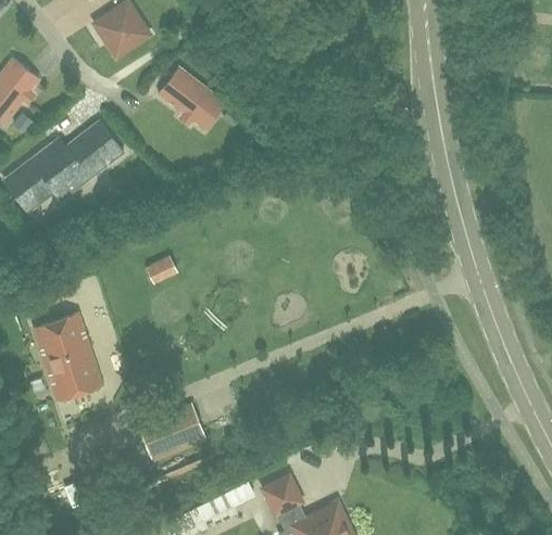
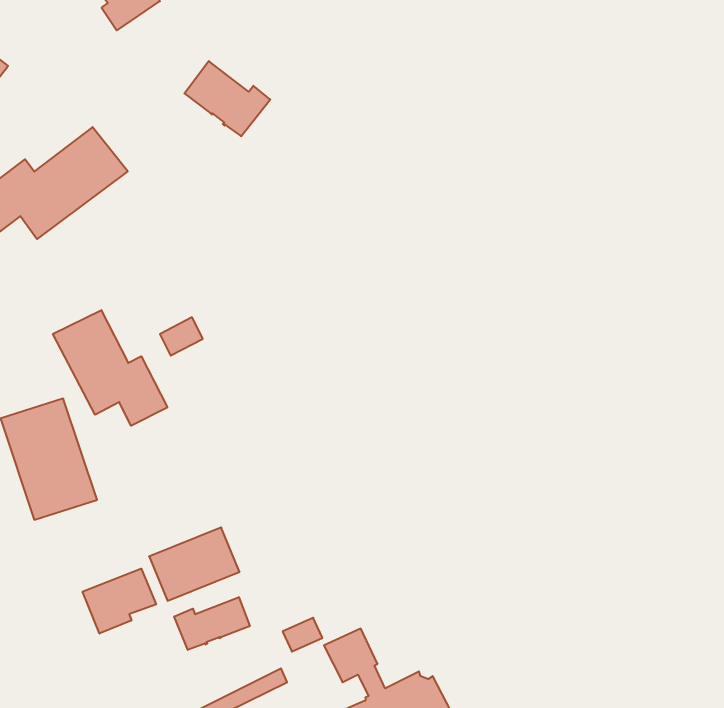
building: none -> [53,310,167,426]
building: none -> [83,569,156,634]
building: none -> [174,597,250,650]

